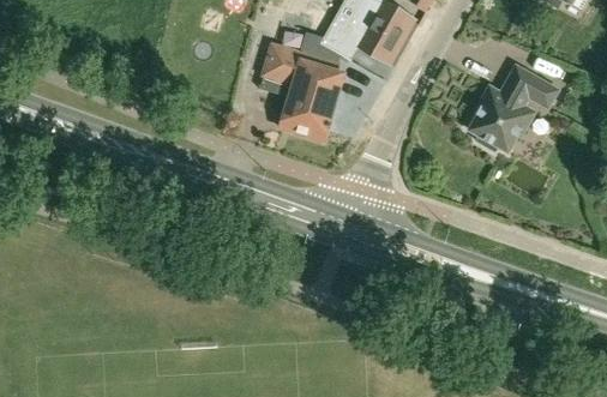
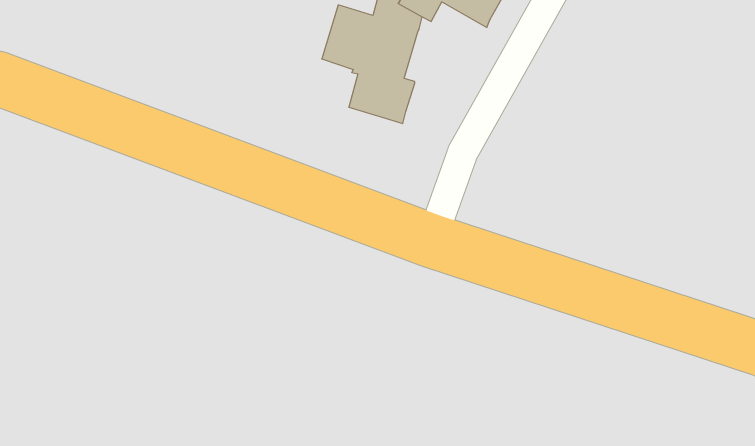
building: [469,65,558,150] -> none

